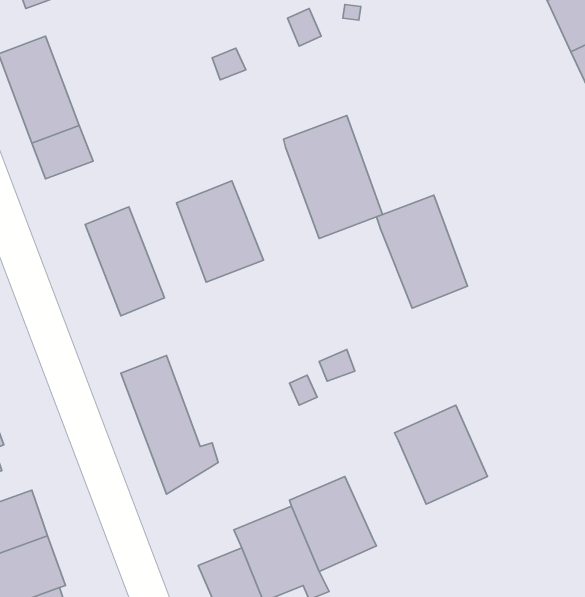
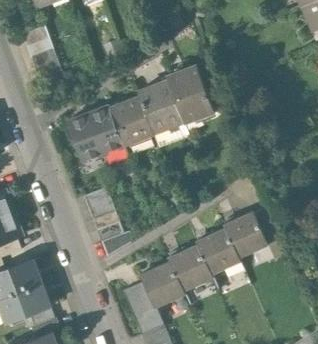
building: none -> [87,103,126,157]
building: [376,195,468,308] -> [137,81,183,138]
building: none -> [194,229,238,278]

